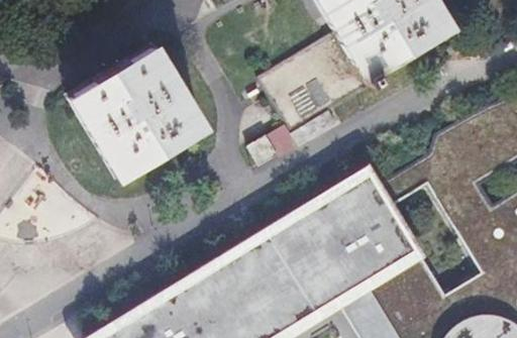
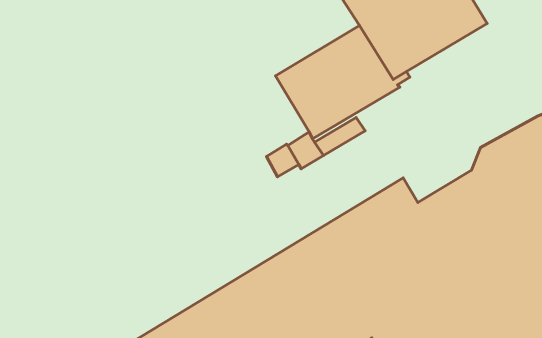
building: [67,43,210,185] -> none

